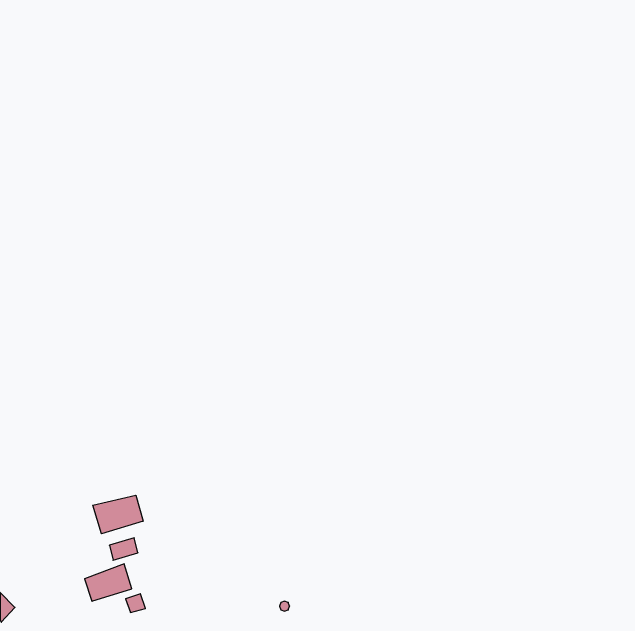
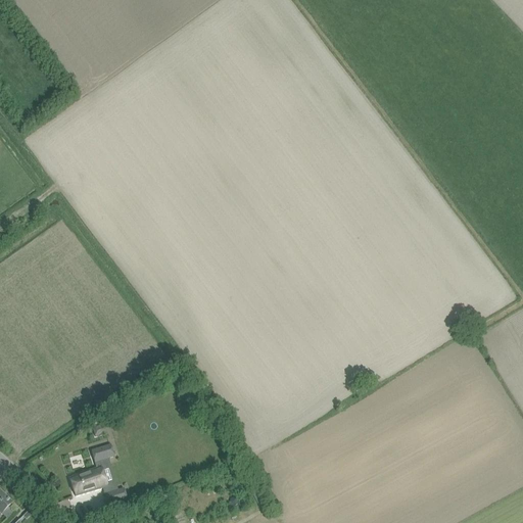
building: [93,495,143,534] -> none

